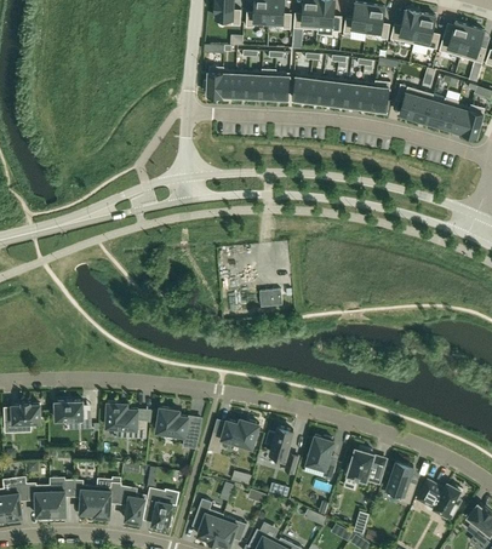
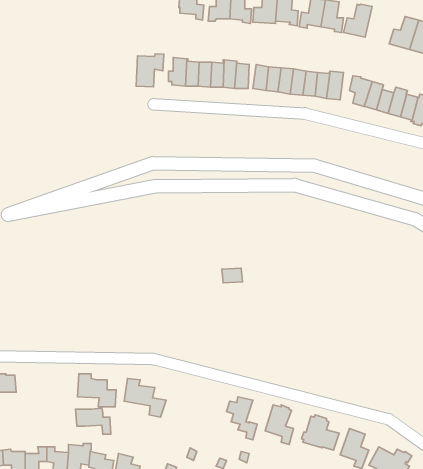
building: [412,12,439,50] -> none
building: none -> [136,54,164,87]
building: [53,401,91,429] -> [76,408,111,434]
building: [207,419,258,453] -> none

